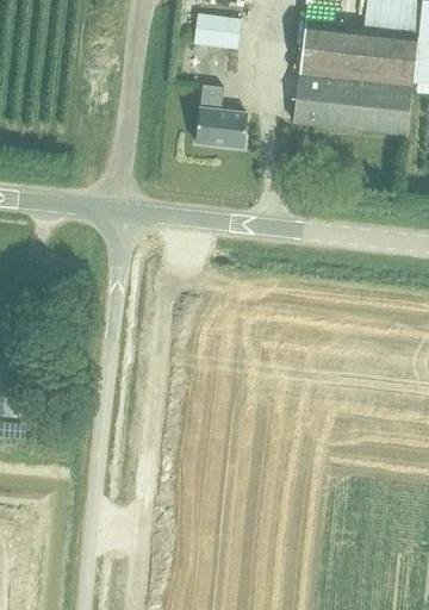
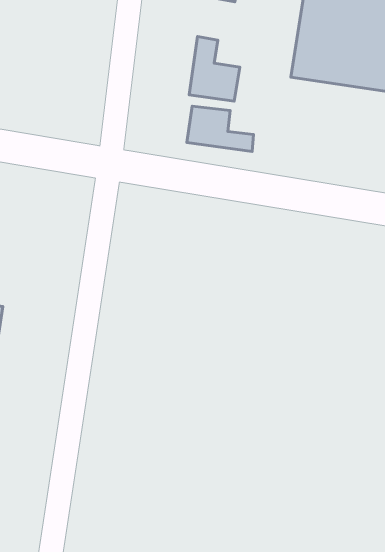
building: none -> [187,106,254,152]

